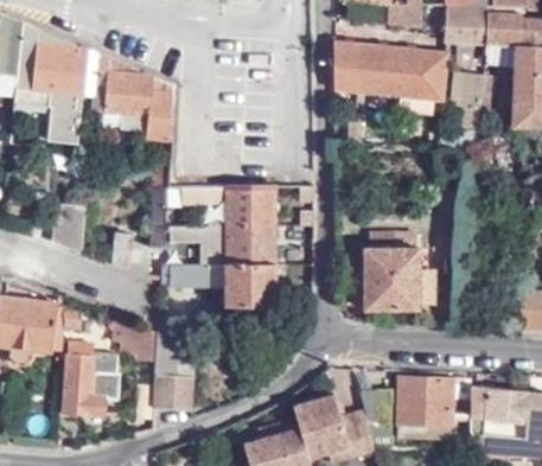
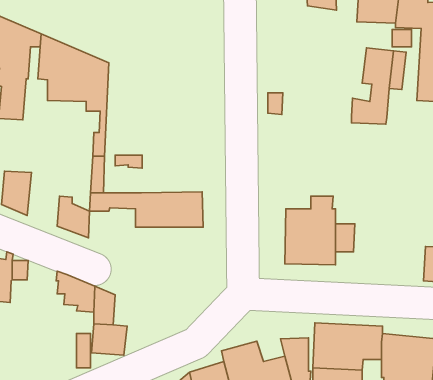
building: [333,43,447,101] -> none
building: [206,189,274,230] -> none
building: [162,268,275,320] -> none
building: [63,343,120,415] -> none

